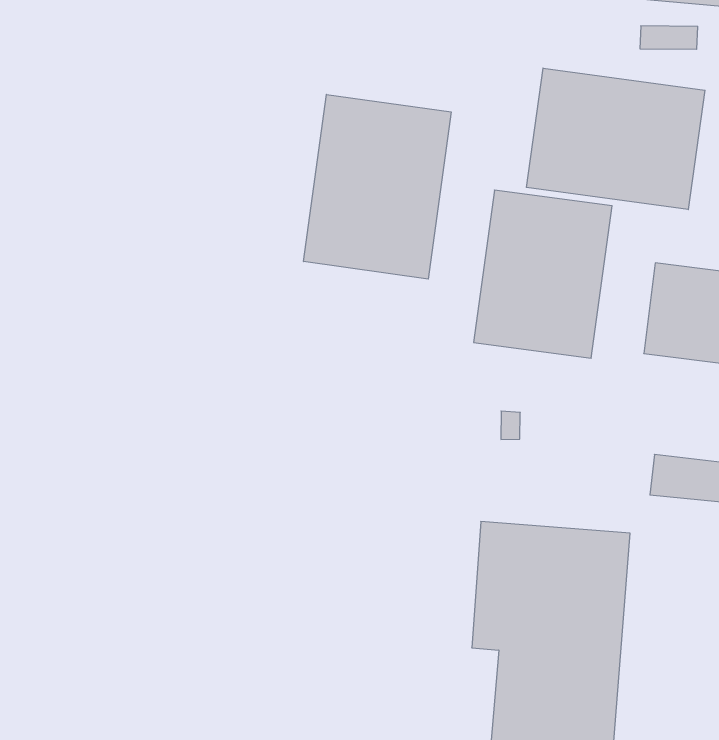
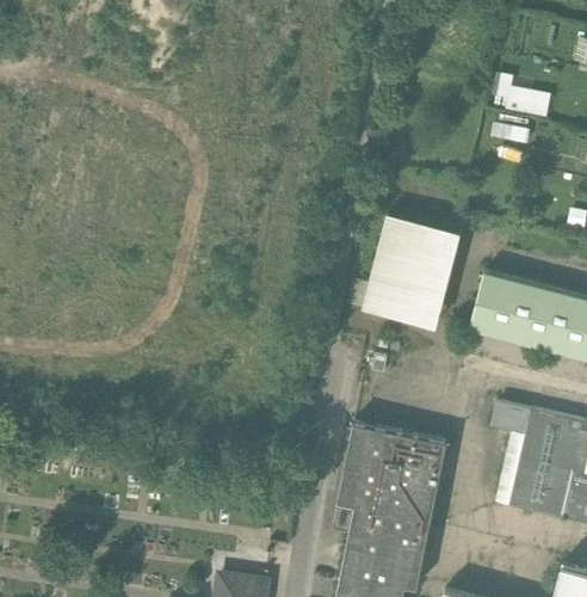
building: [526,68,705,210] -> none
building: [304,94,451,279] -> none

